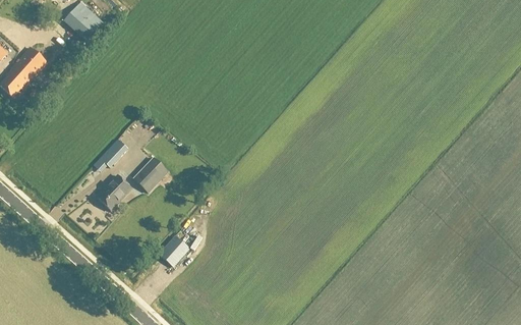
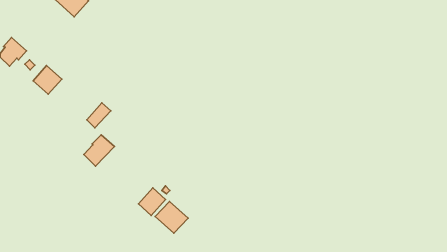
building: [15,47,48,79] -> [33,66,62,94]
building: [133,158,168,193] -> none
building: none -> [155,201,188,233]

